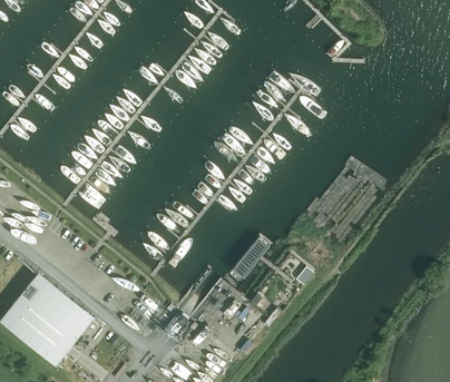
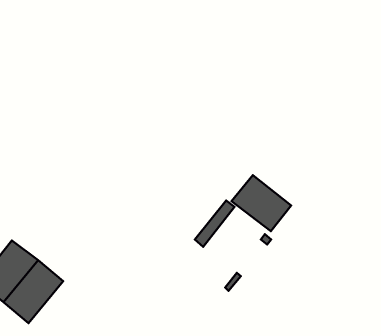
building: none -> [232,175,291,231]

